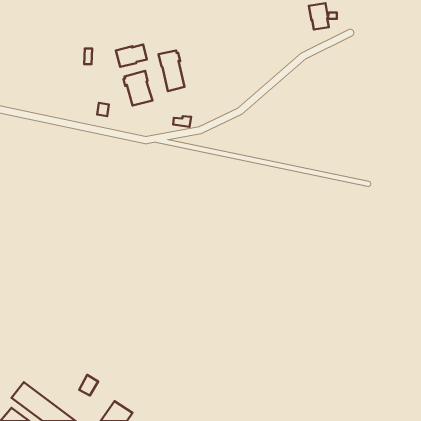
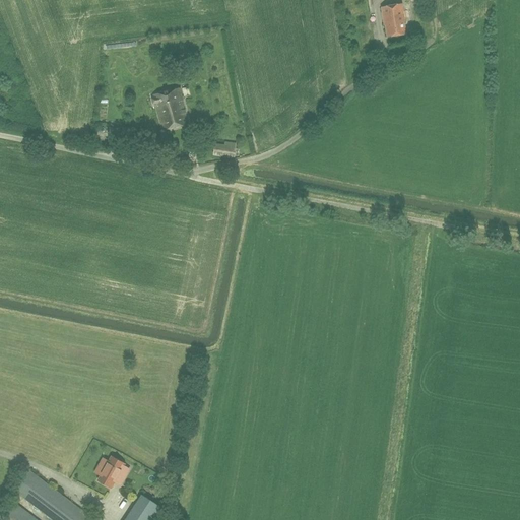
building: [116,45,147,67] -> none
building: [159,51,185,91] -> none

